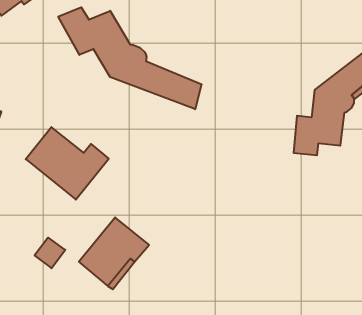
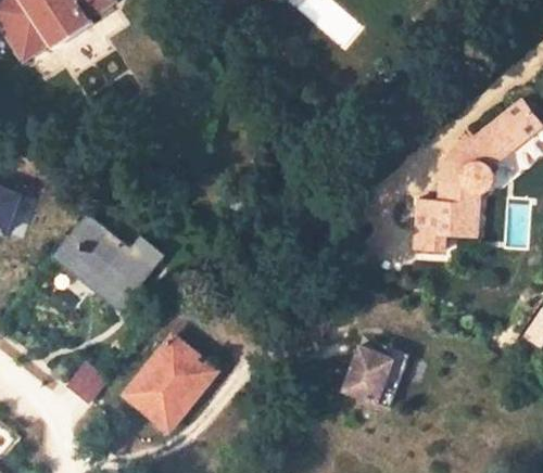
building: [58,7,202,109] -> none
building: none -> [343,347,404,407]

